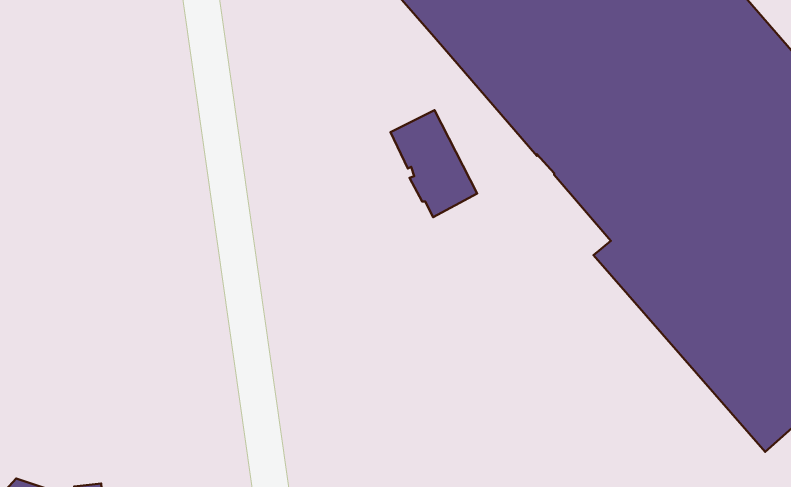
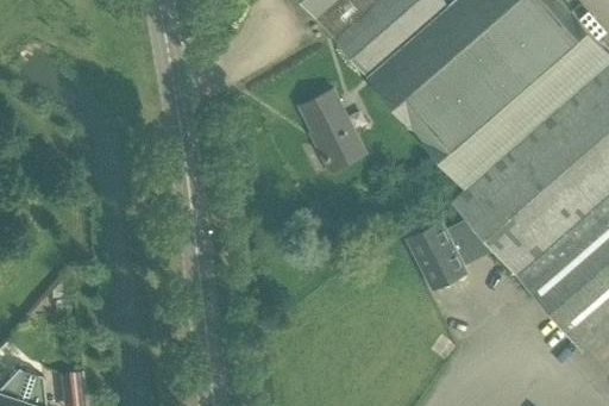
building: none -> [408,224,489,291]

